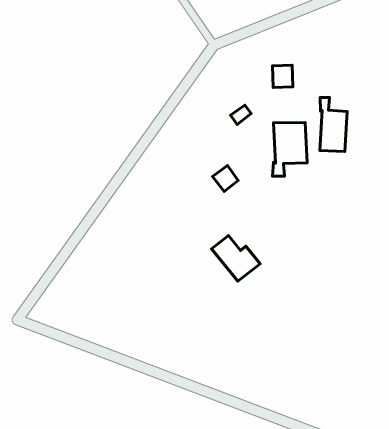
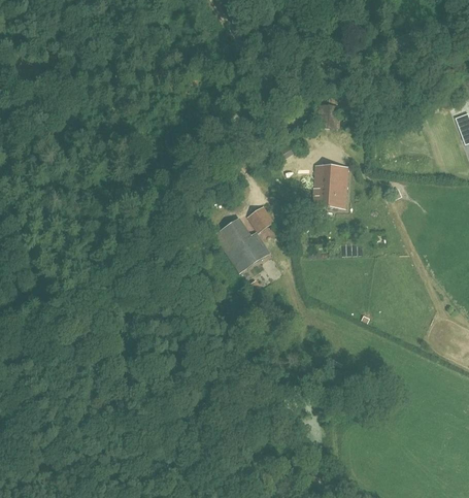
building: [320,97,347,151] -> none
building: [212,236,260,281] -> [214,222,264,270]

